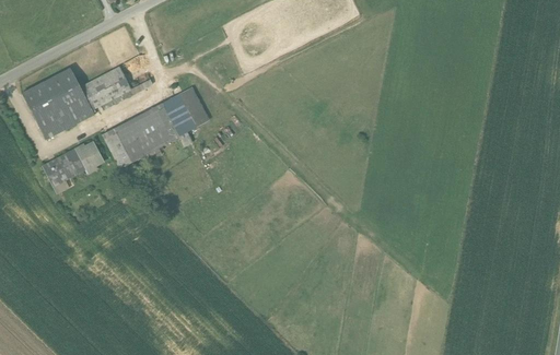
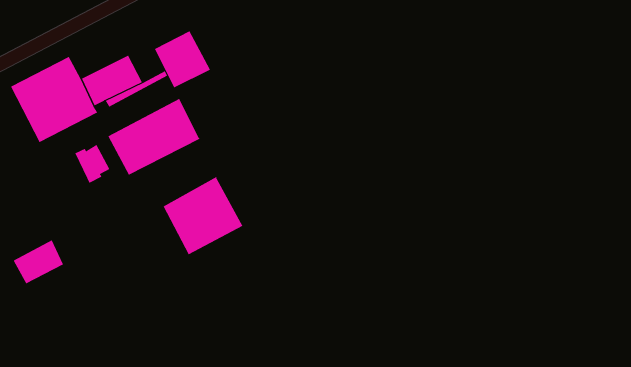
building: [163,86,210,134] -> [154,30,211,88]
building: [43,147,85,185] -> [13,239,64,284]
building: none -> [163,176,243,255]

